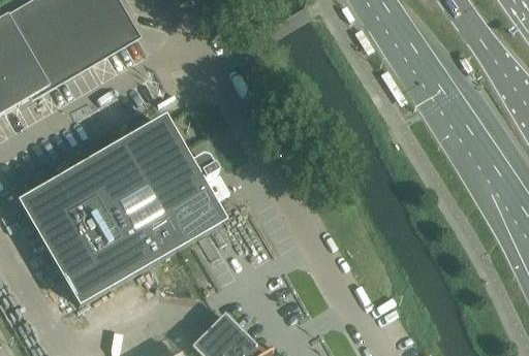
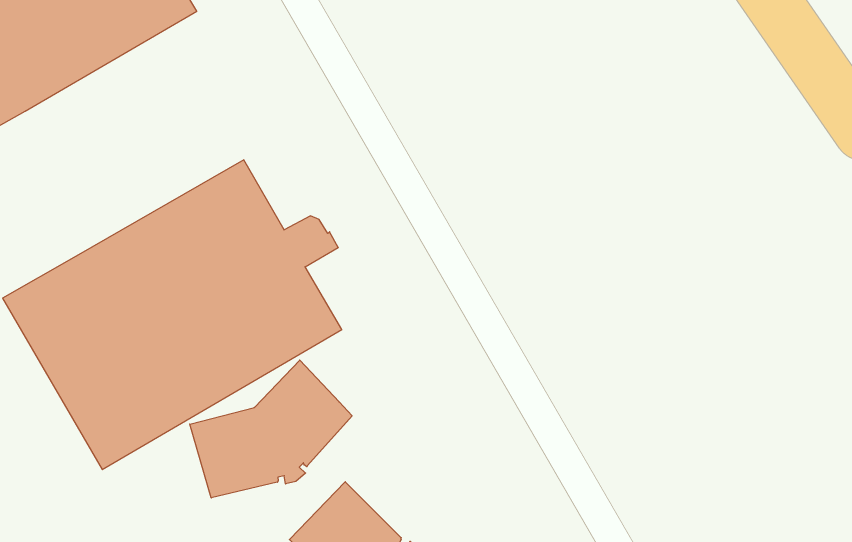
building: none -> [190,360,352,498]

